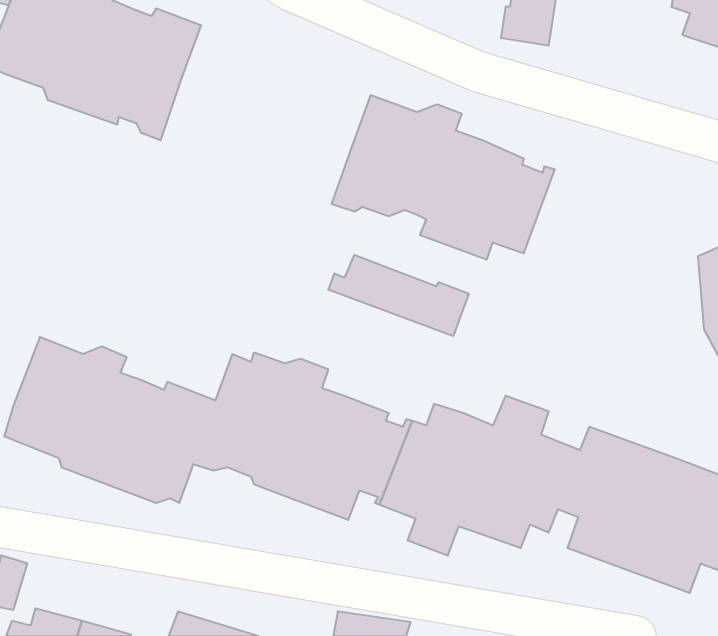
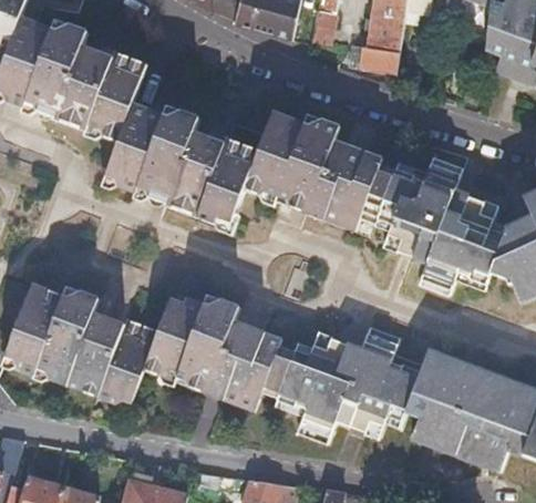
building: none -> [107,101,256,223]
building: none -> [379,157,507,292]
building: [328,255,469,336] -> none

